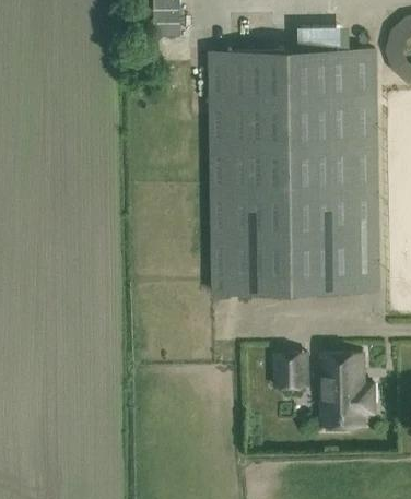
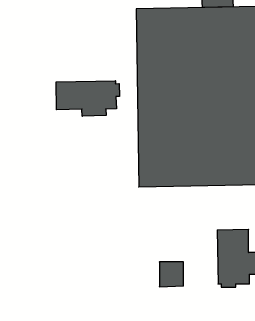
building: none -> [56,81,119,116]
building: [274,354,307,388] -> [159,262,183,287]

